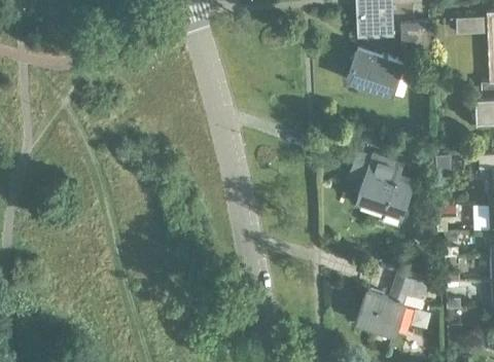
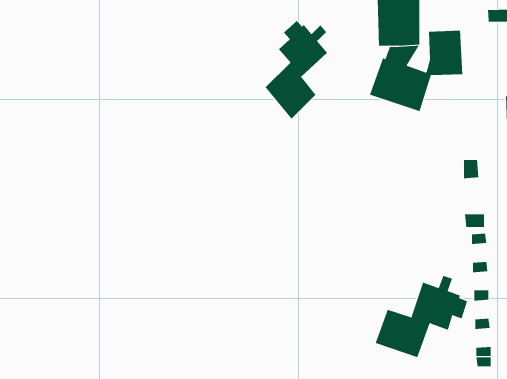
building: none -> [265,20,328,119]
building: [347,151,413,228] -> none

